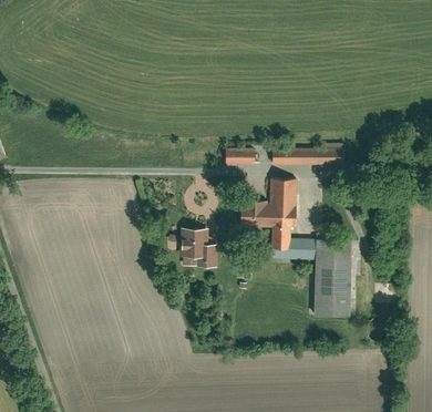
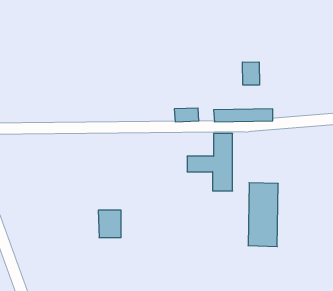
building: none -> [243,62,259,85]
building: [177,227,205,260] -> [98,210,121,238]

